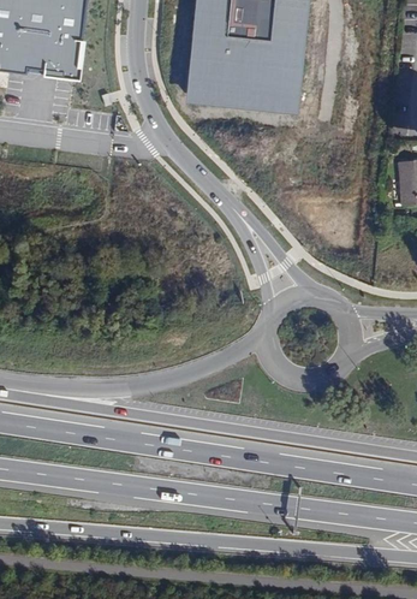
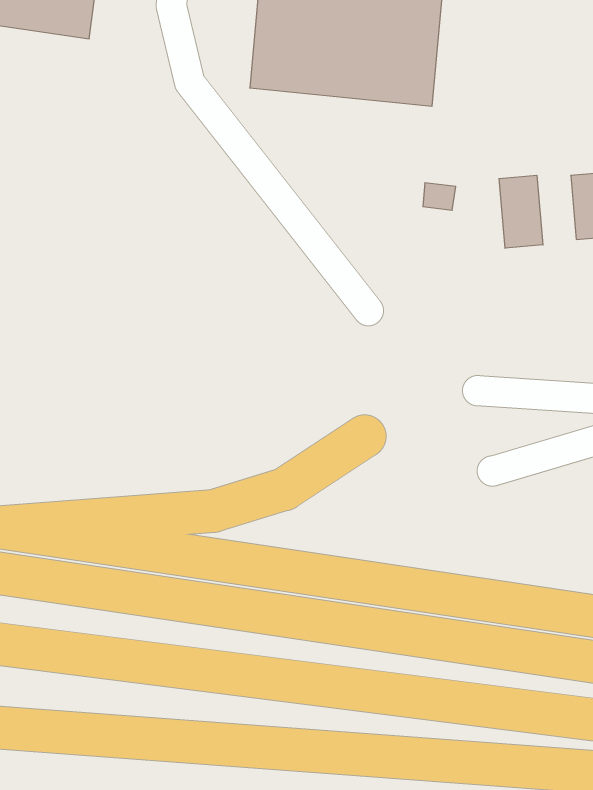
building: none -> [499,175,543,248]

